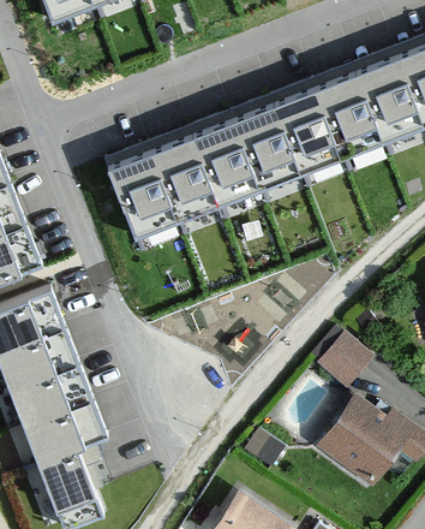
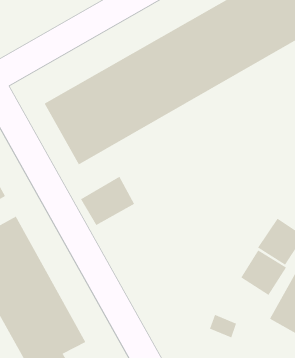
building: none -> [80,176,135,226]
building: none -> [240,250,287,296]

